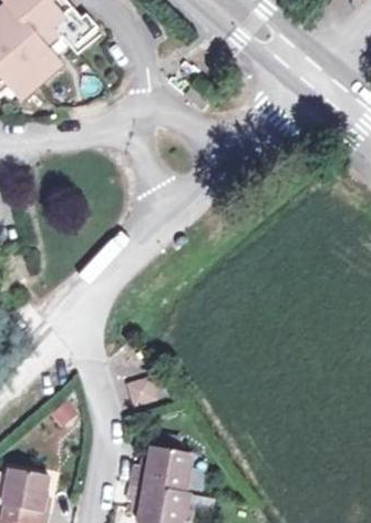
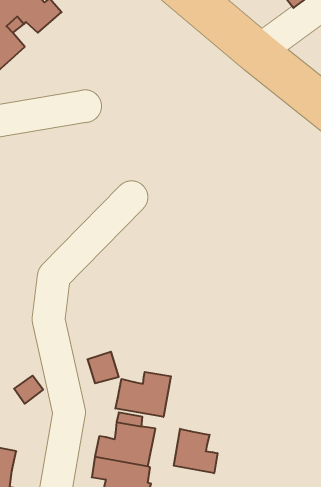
building: none -> [115,372,171,417]
building: none -> [174,429,217,473]

